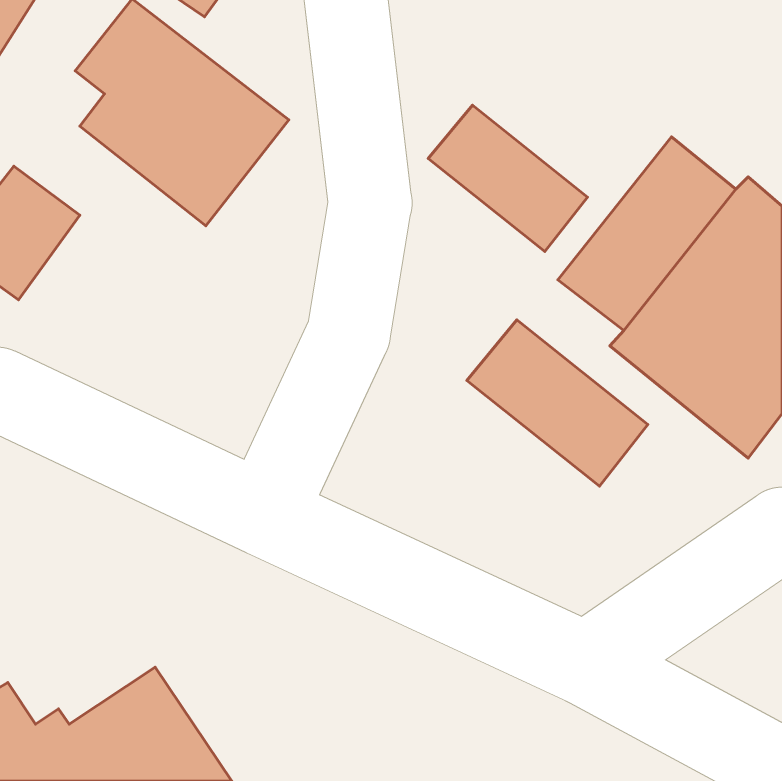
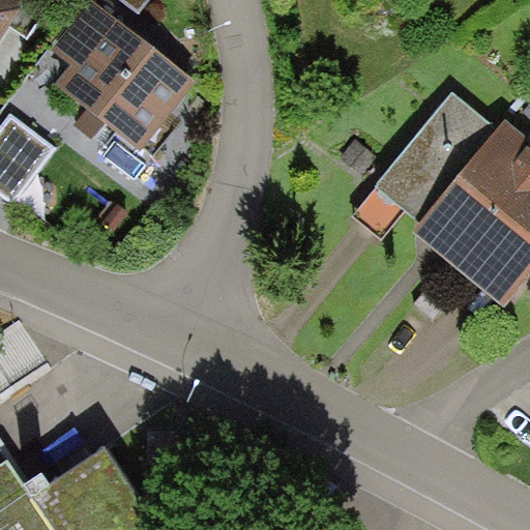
building: [428,105,588,252] -> none
building: [467,320,648,486] -> none

